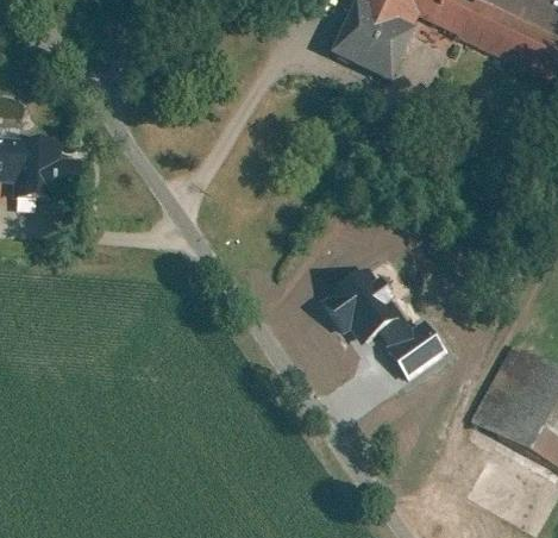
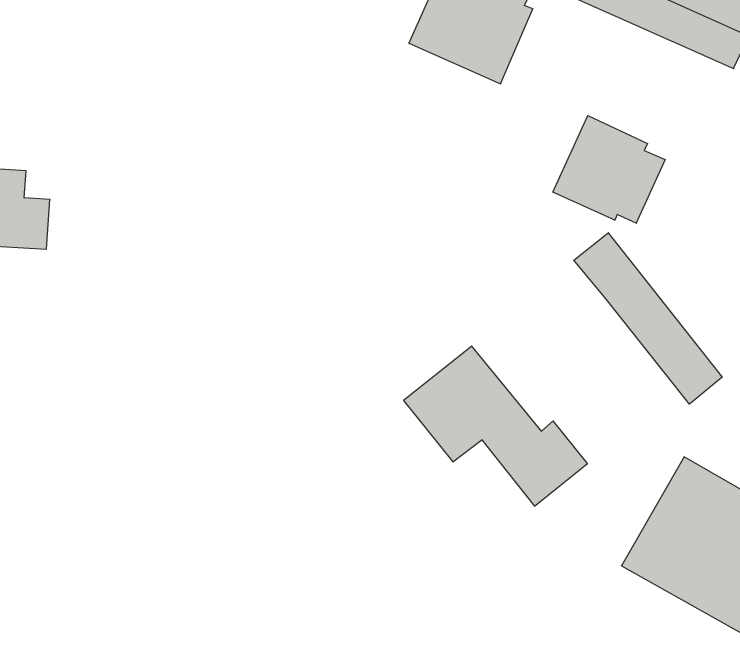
building: none -> [553,116,665,223]
building: none -> [574,233,722,404]

